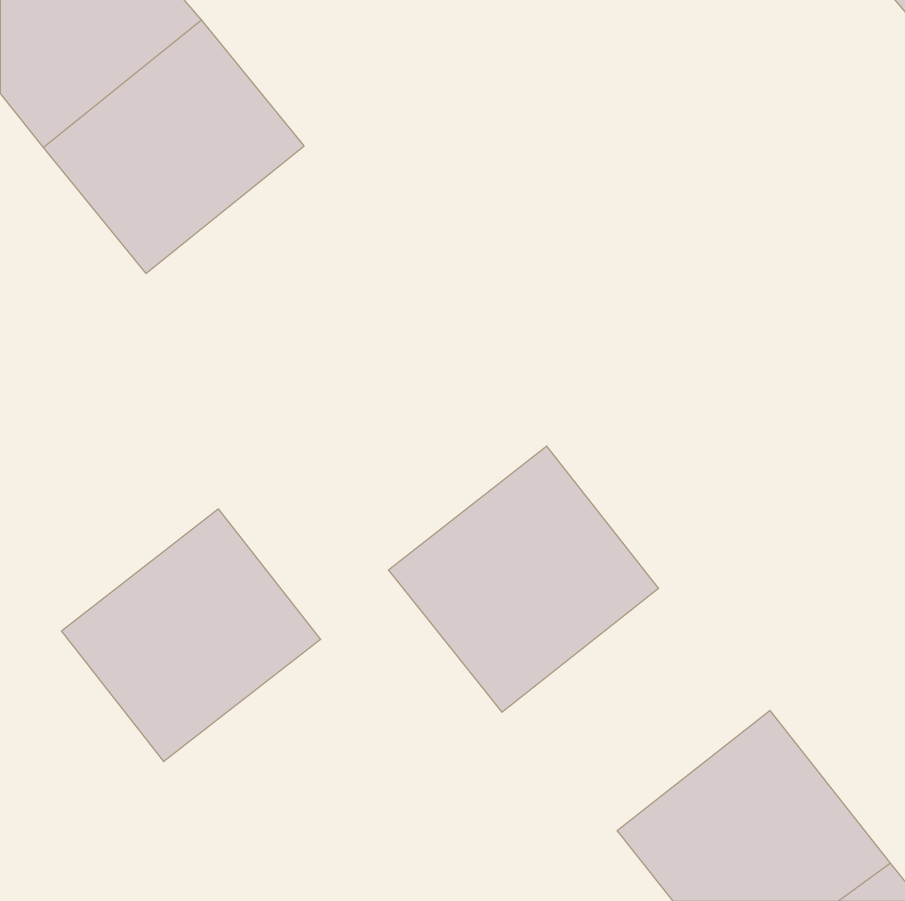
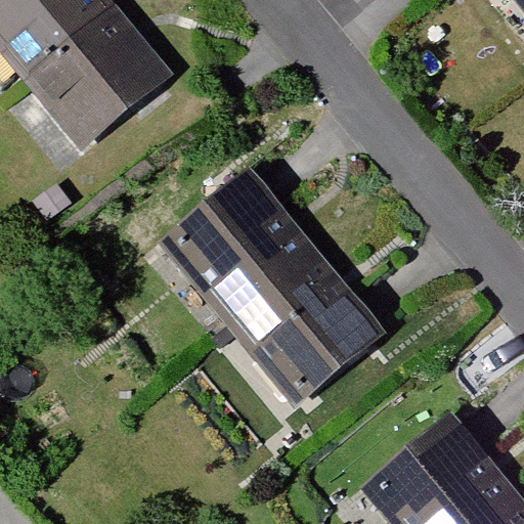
building: none -> [162,169,319,324]
building: [61,509,321,762] -> none

